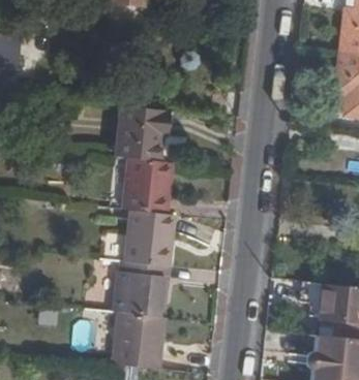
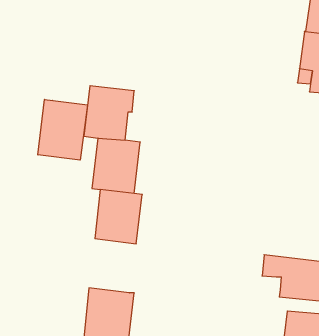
building: none -> [38,99,88,160]
building: [115,260,170,316] -> none

